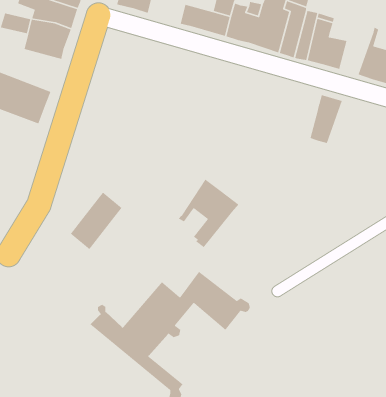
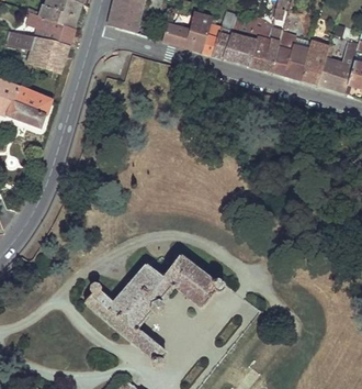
building: [310,94,343,144] -> [301,42,329,85]
building: [178,179,239,248] -> none
building: [70,192,123,250] -> none

